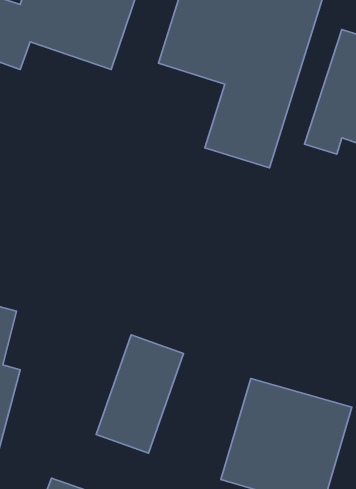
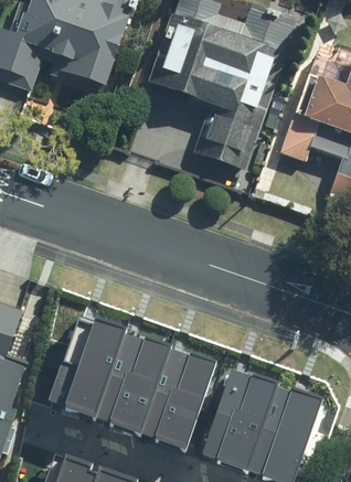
building: none -> [46,311,124,415]
building: none -> [139,343,216,447]

